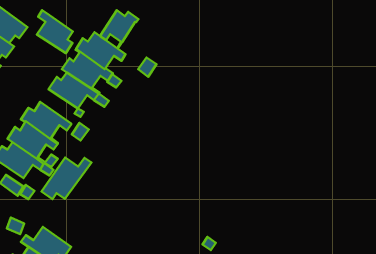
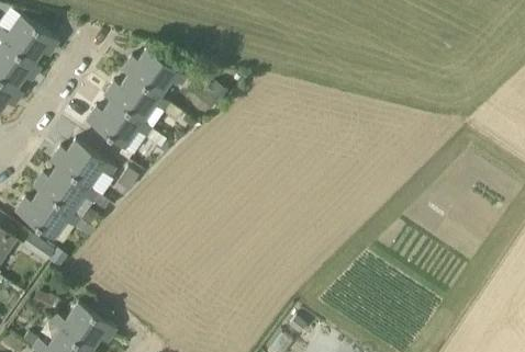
building: [37,10,73,53] -> none
building: [100,10,138,48] -> none
building: [42,157,91,199] -> none

